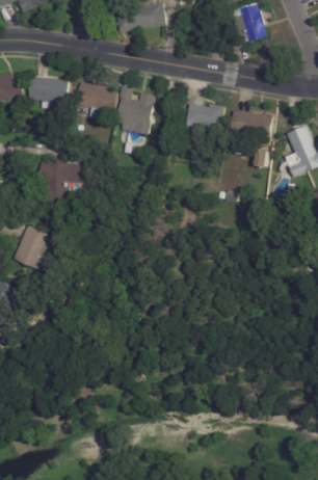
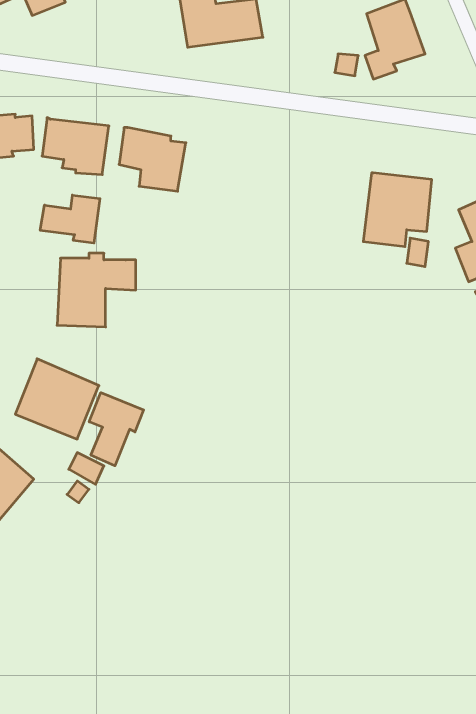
building: [116,85,155,133] -> none
building: [184,103,223,134] -> none
building: none -> [40,195,100,243]
building: none -> [89,393,144,466]

